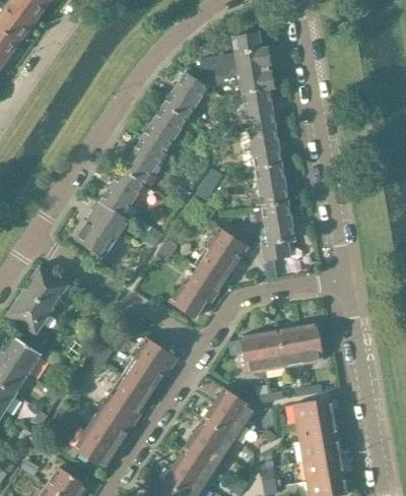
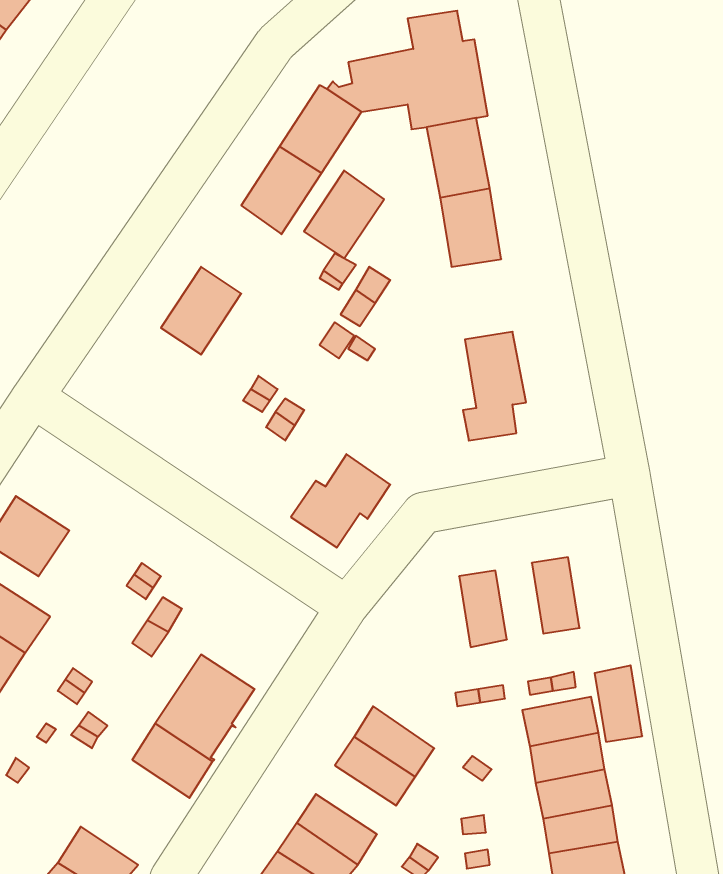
building: [122,136,164,183] -> [304,170,384,258]
building: [255,165,287,207] -> none
building: [75,201,129,259] -> none
building: [193,227,248,285] -> none
building: [23,266,67,309] -> none
building: [278,326,303,367] -> [595,665,642,742]
building: [239,333,265,374] -> none
building: [122,337,177,393] -> none
building: [213,387,256,425] -> none
building: [73,431,116,470] -> none
building: [183,434,225,471] -> none

